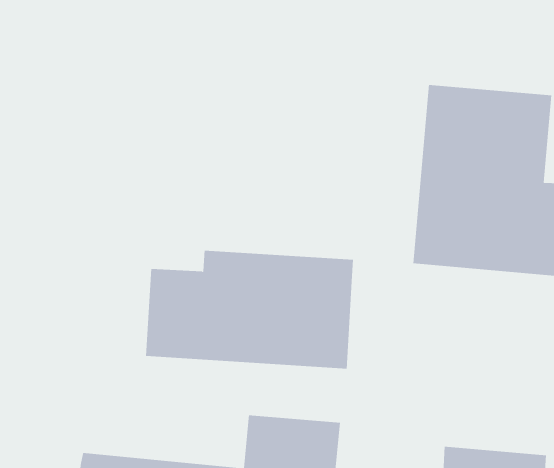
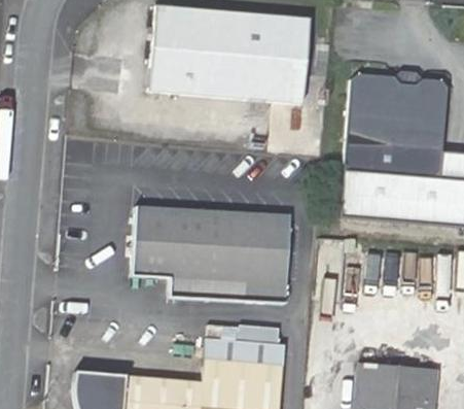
building: none -> [148,20,306,106]

